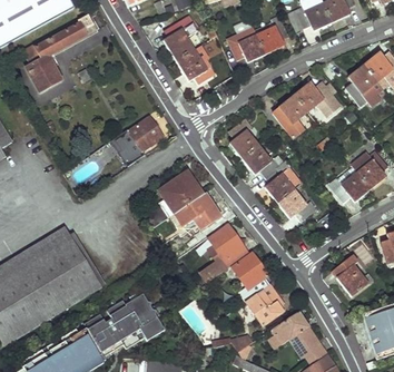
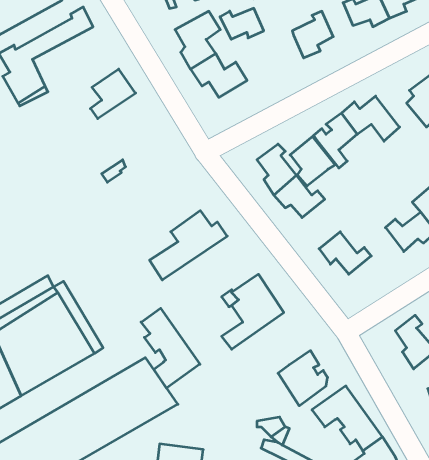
building: [229,35,264,59] -> [220,8,264,39]
building: [128,116,164,155] -> [90,69,136,119]
building: [263,164,298,203] -> [290,136,335,186]
building: [174,193,221,229] -> none
building: none -> [141,308,200,388]
building: [232,252,269,294] -> none

